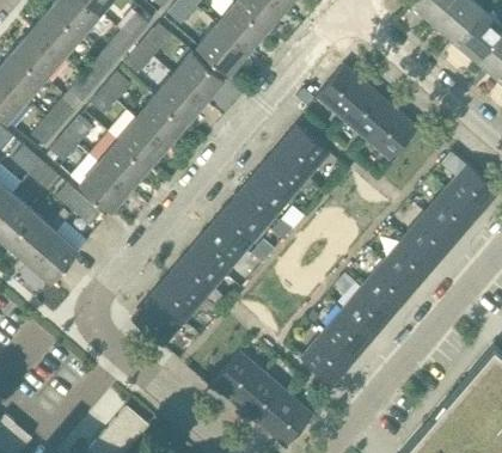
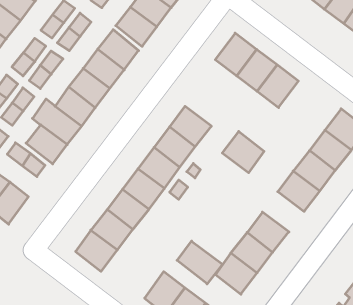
building: [275,128,326,179] -> [222,131,264,173]
building: [362,264,414,314] -> none
building: none -> [177,241,223,284]

